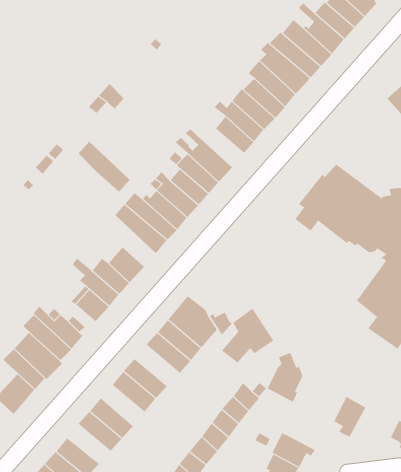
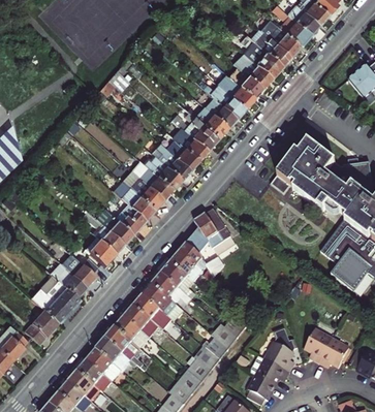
building: none -> [185,104,229,139]
building: [78,141,131,192] -> [114,179,157,221]
building: [221,308,274,363] -> [183,210,226,255]
building: none -> [139,285,177,319]
building: [267,352,303,402] -> [267,330,296,372]
building: none -> [112,318,148,352]
building: none -> [316,337,347,366]
building: none -> [84,350,120,383]

